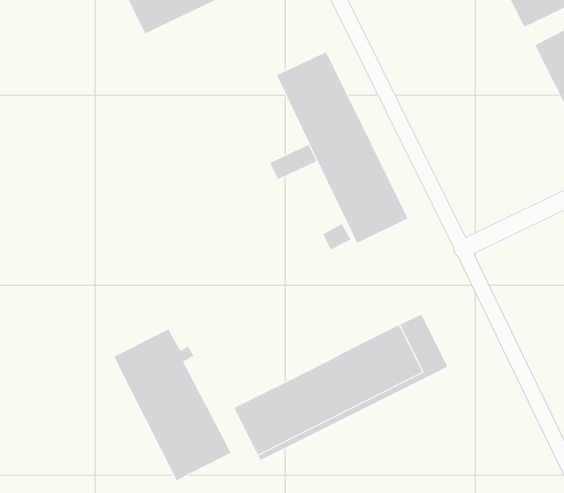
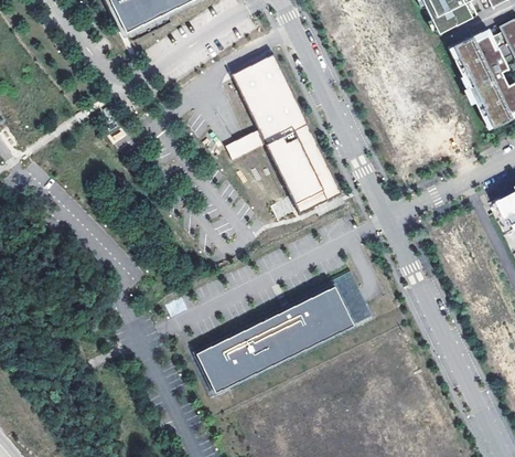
building: [114,328,231,481] -> none

